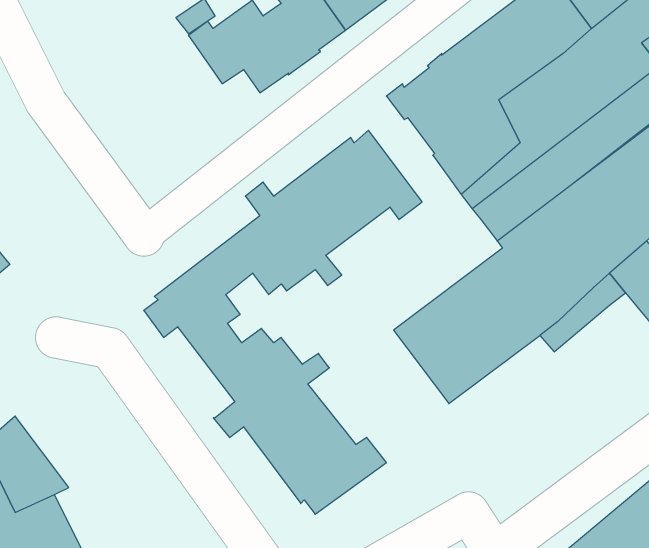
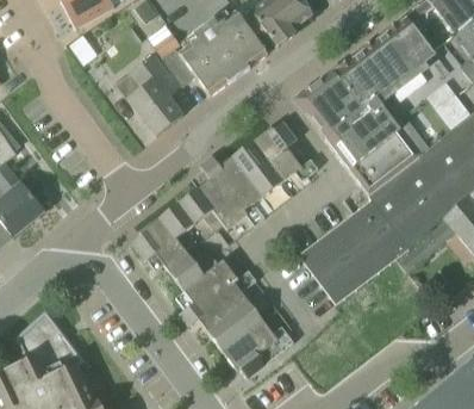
building: none -> [117,54,185,136]

